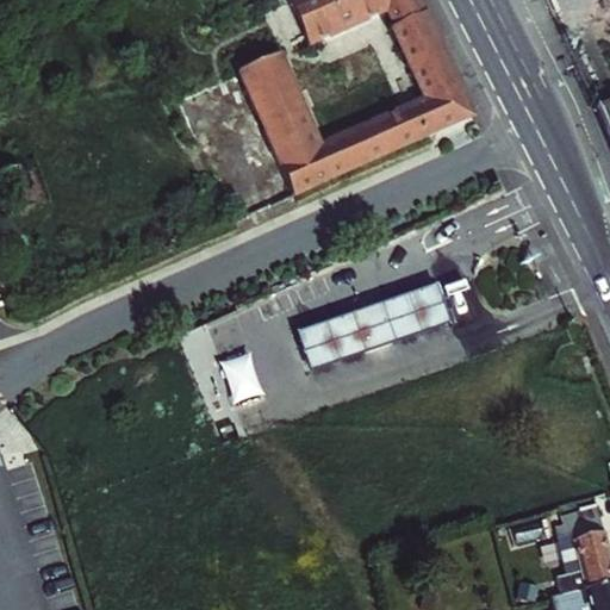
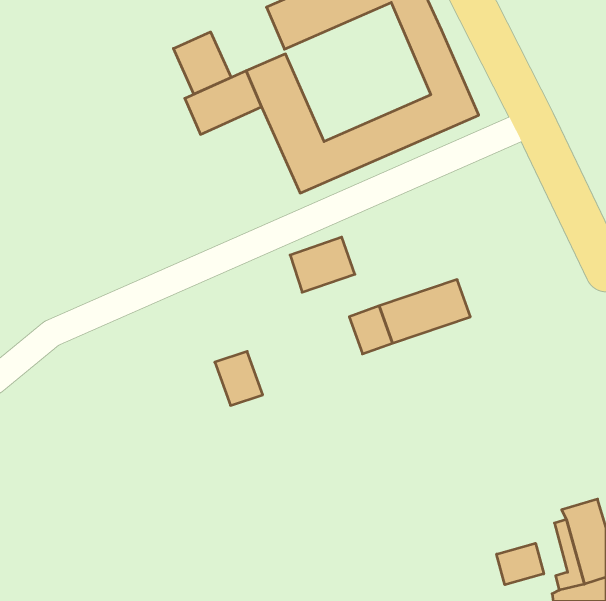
building: none -> [173,32,231,94]
building: [295,315,360,369] -> [290,237,355,292]
building: none -> [497,543,544,585]

